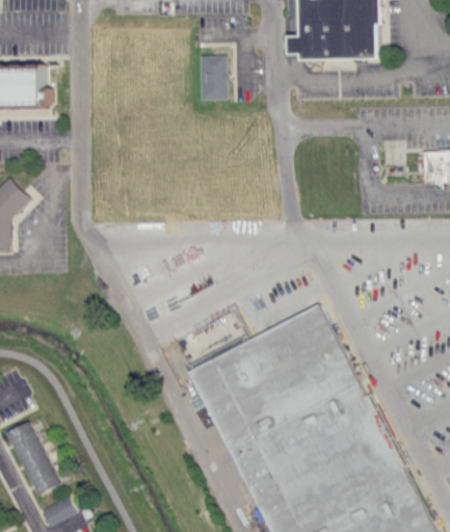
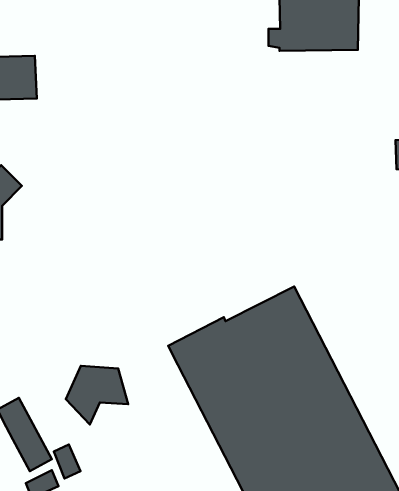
building: [204,52,227,102] -> none
building: none -> [66,366,128,425]
building: none -> [54,444,81,479]

